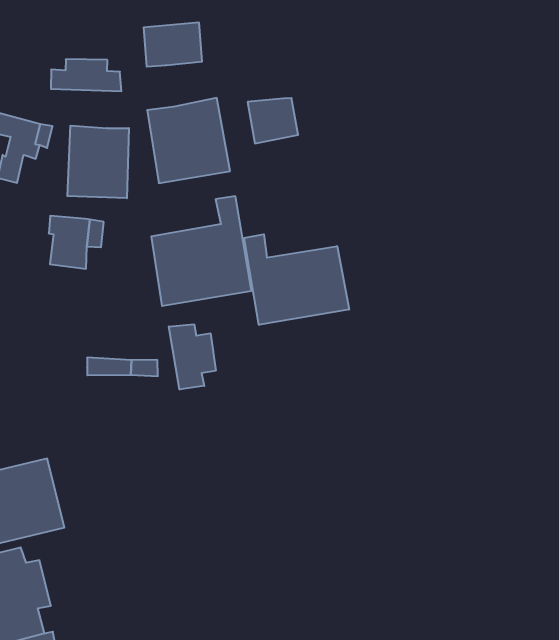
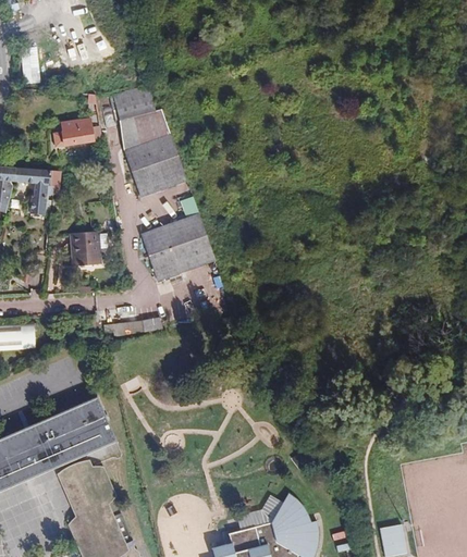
building: [248,98,298,143] -> [131,110,169,145]
building: [67,126,129,198] -> none
building: [244,234,349,325] -> none
building: [169,324,216,390] -> none

